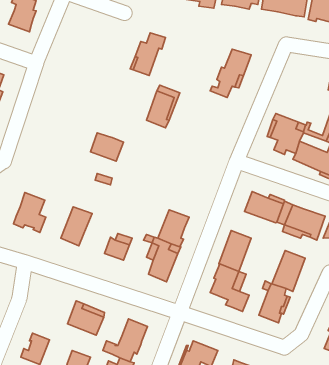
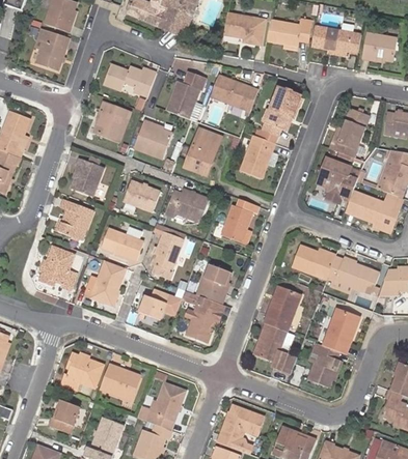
building: none -> [104,63,156,95]
building: none -> [210,75,257,111]
building: none -> [93,103,129,141]
building: none -> [330,109,369,157]
building: none -> [134,121,171,159]
building: none -> [240,135,278,177]
building: none -> [71,157,104,196]
building: none -> [165,189,209,223]
building: none -> [220,199,257,242]
building: none -> [59,200,92,239]
building: none -> [102,227,144,259]
building: none -> [151,230,184,279]
building: none -> [62,353,103,388]

